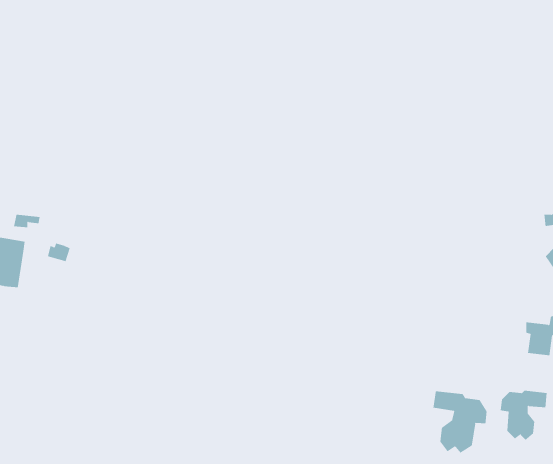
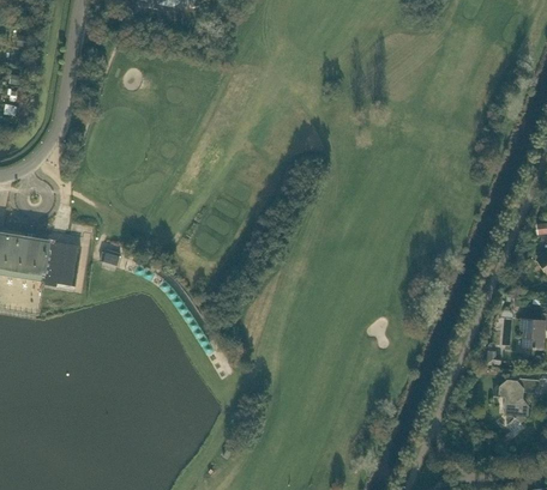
building: [433,390,487,454] -> none

